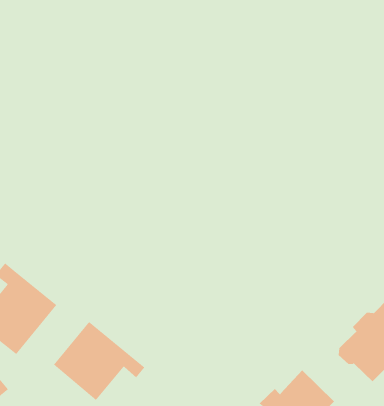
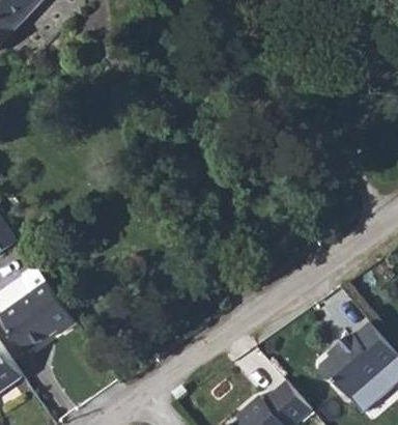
building: [53,321,145,401] -> none

